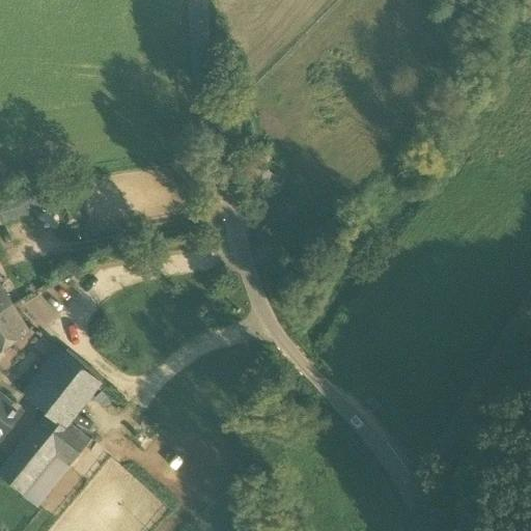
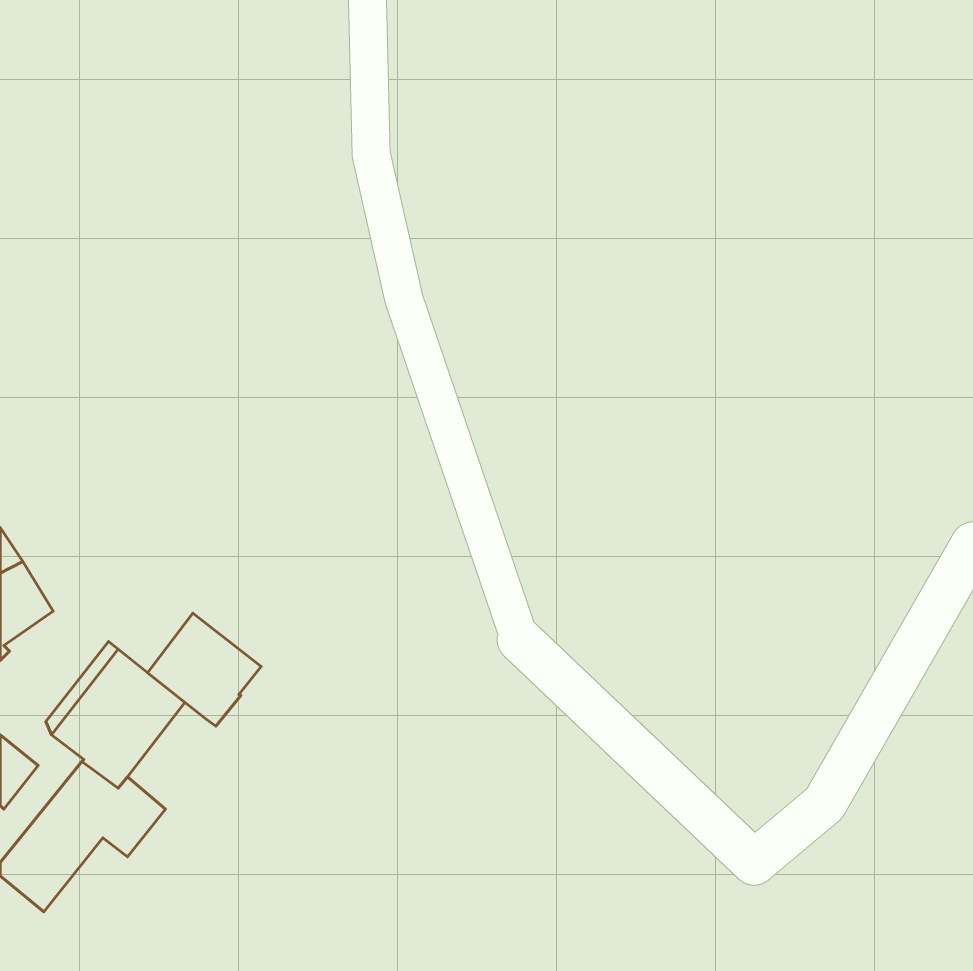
building: none -> [148,613,261,726]
building: [24,457,69,508] -> none

